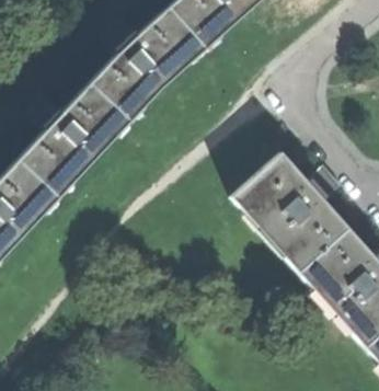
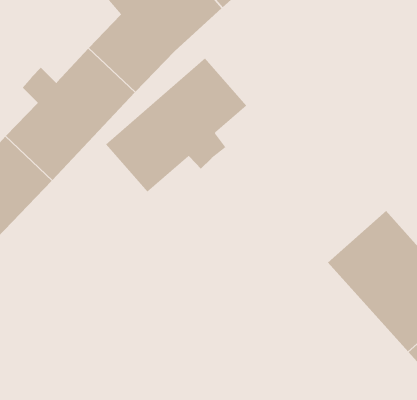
building: none -> [105,58,247,193]
building: [231,151,344,266] -> none

